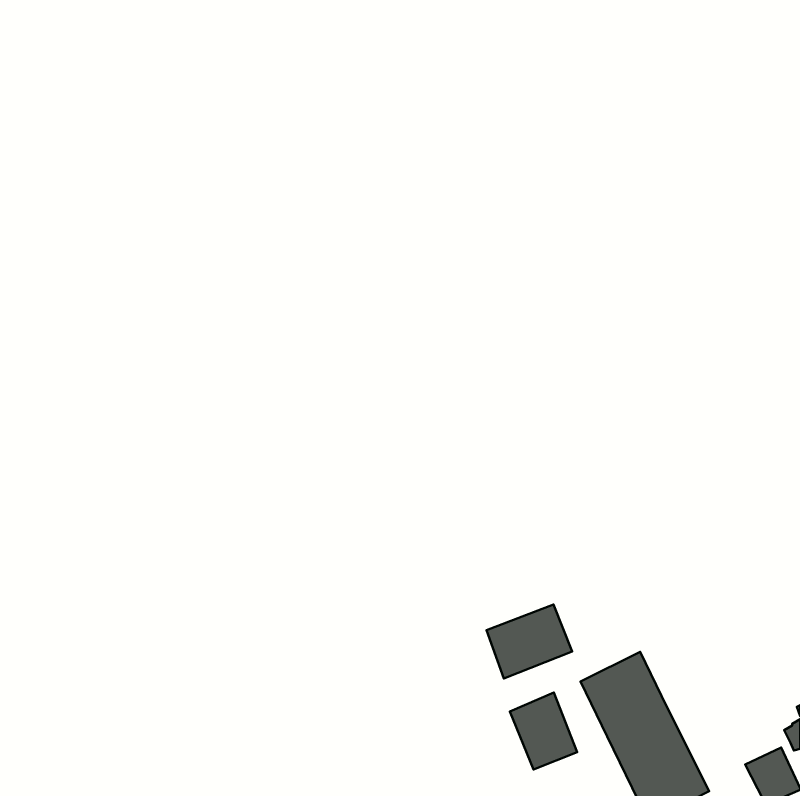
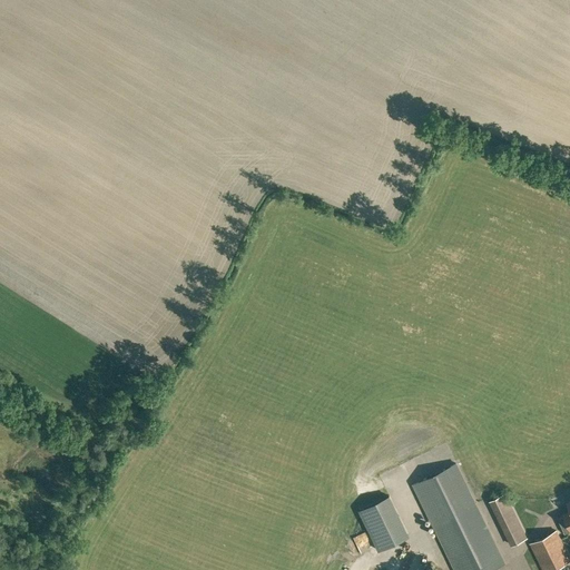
building: [486,604,572,679] -> none
building: none -> [490,492,530,546]

